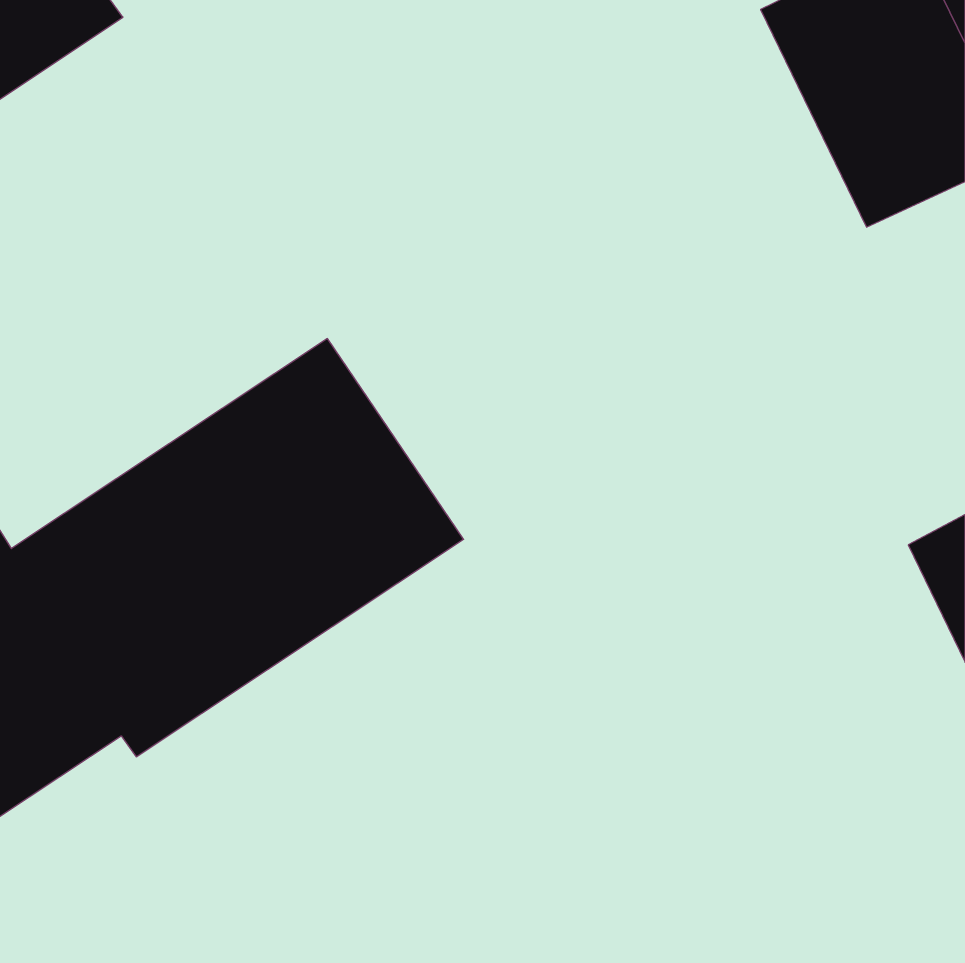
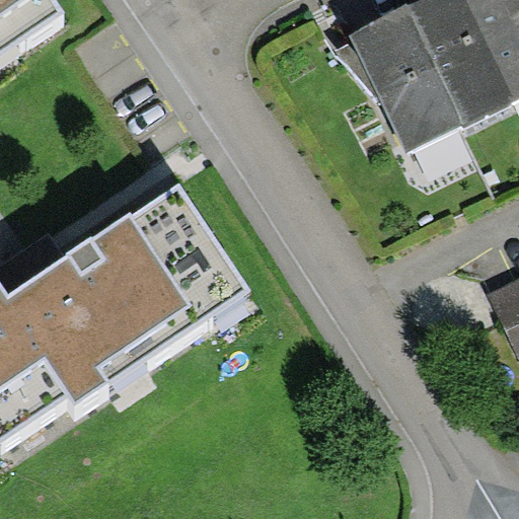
building: none -> [349,5,464,150]

